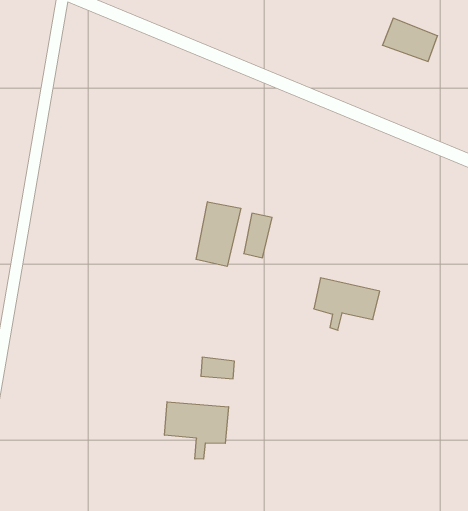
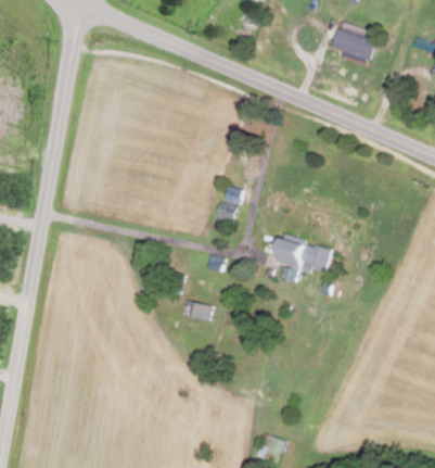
building: [196,202,241,266] -> none
building: [165,402,229,459] -> none

